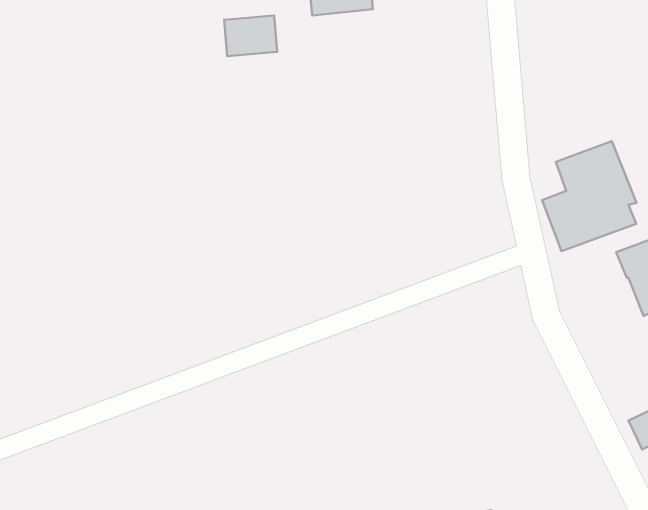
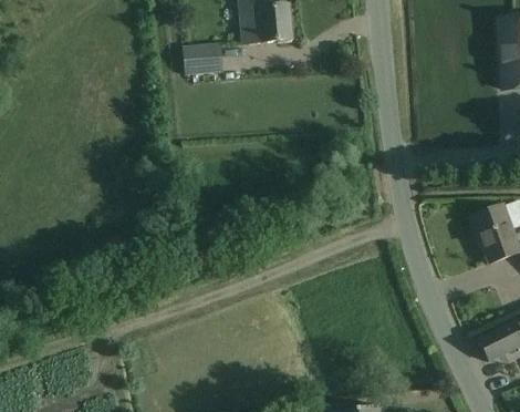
building: [542,141,636,251] -> none

